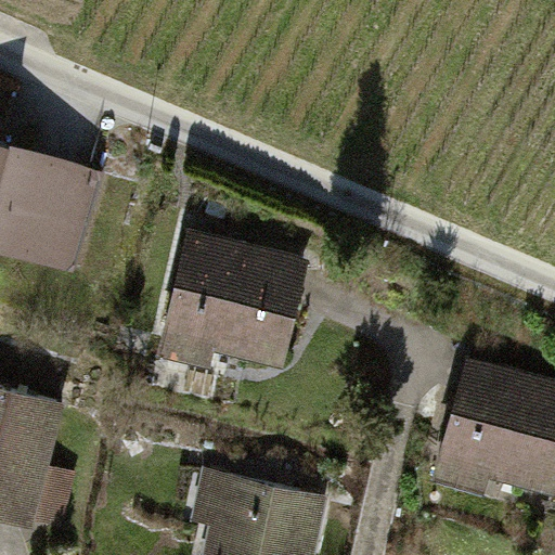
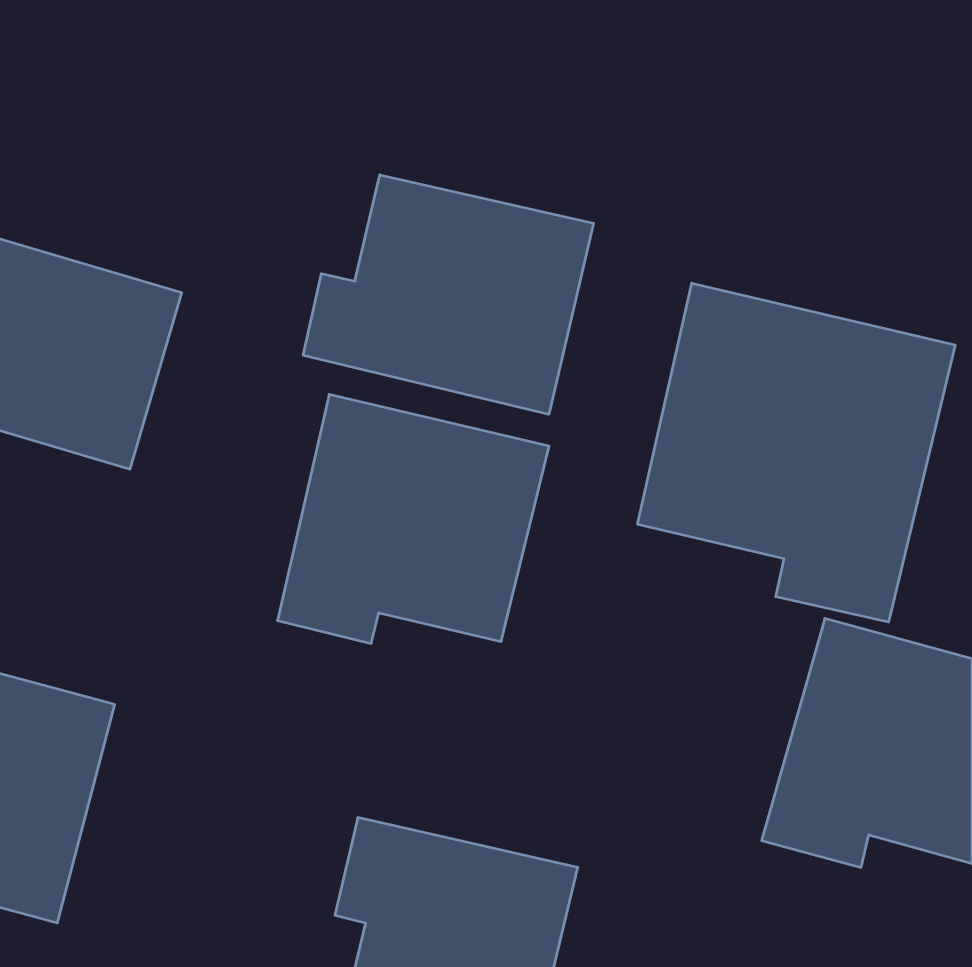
building: none -> [303,175,594,414]
building: none -> [638,283,955,622]

